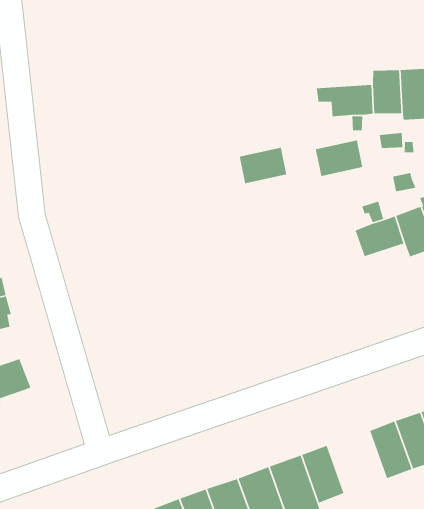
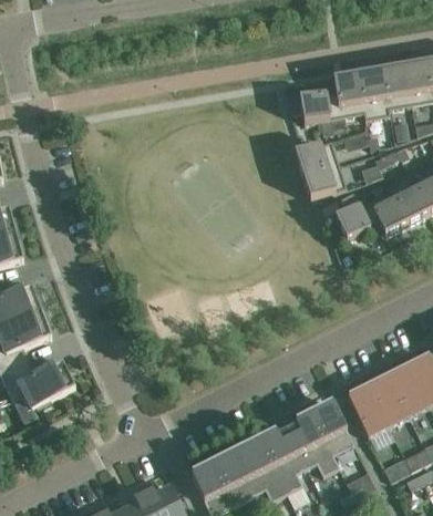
building: [239,147,287,184] -> [300,162,343,197]
building: none -> [348,385,388,435]

